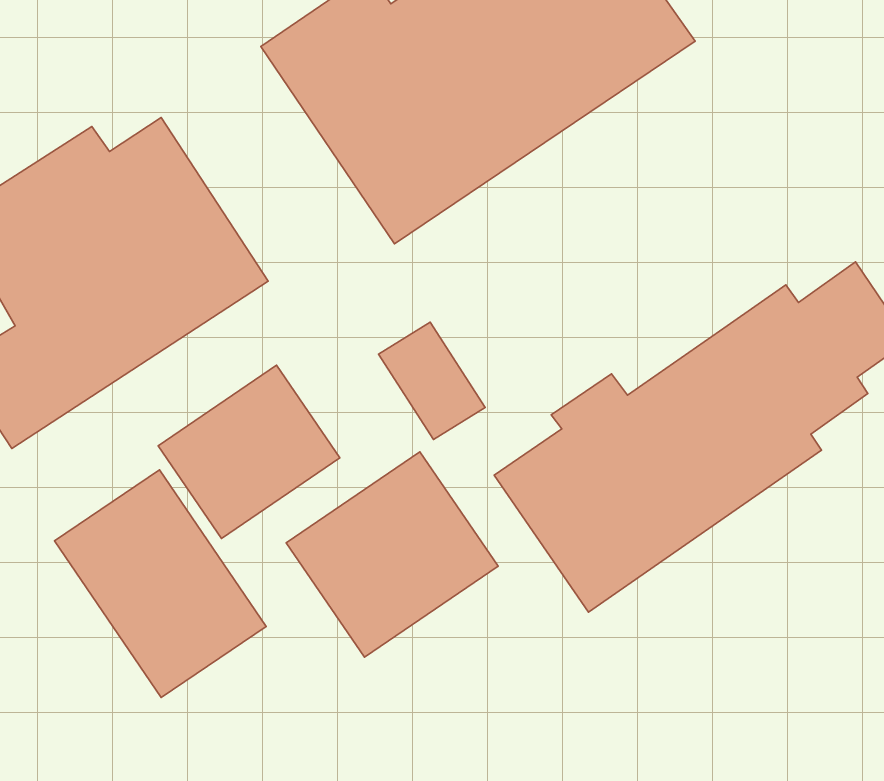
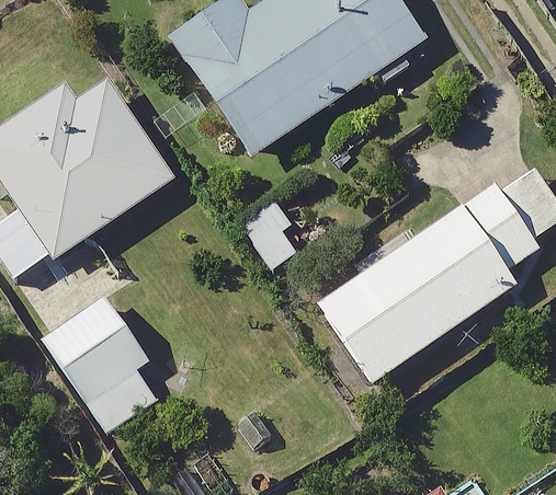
building: [158,365,340,538] -> none
building: [286,452,498,657] -> none

